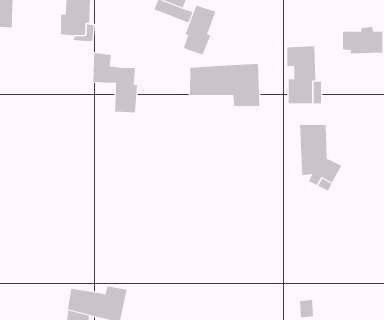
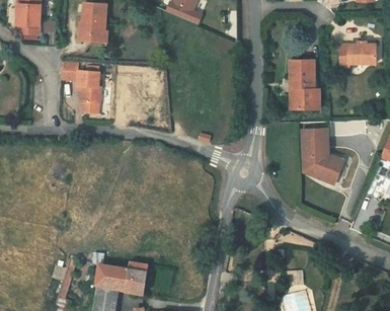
building: [183,5,216,55] -> none
building: [92,53,138,113] -> [69,60,109,113]
building: [189,63,260,107] -> none

